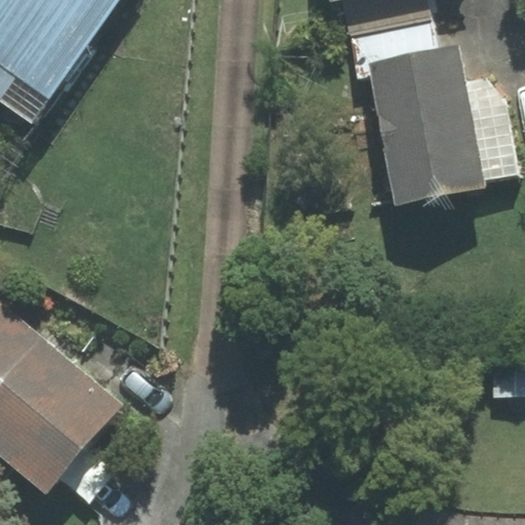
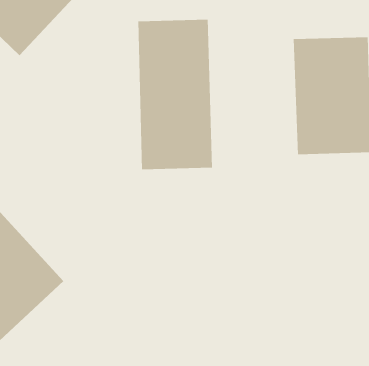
building: none -> [138,19,213,170]

